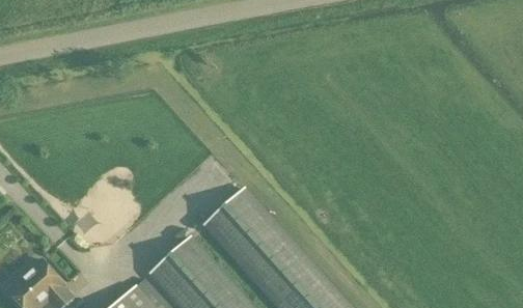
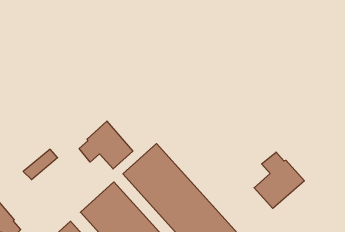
building: none -> [79,121,133,169]
building: none -> [254,152,304,208]

